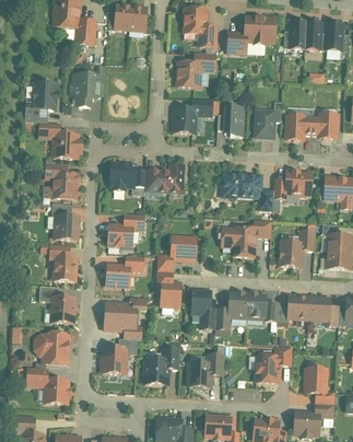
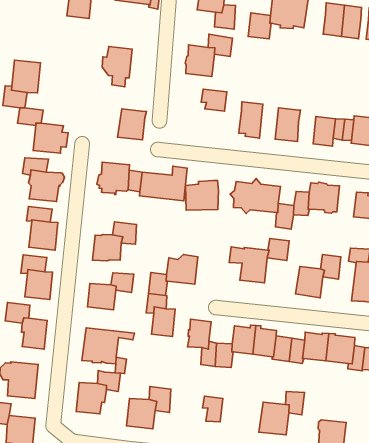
building: [70,73,94,106] -> [102,47,132,87]
building: [173,107,196,132] -> [118,109,147,140]
building: none -> [185,181,219,210]
building: [188,362,211,386] -> none

